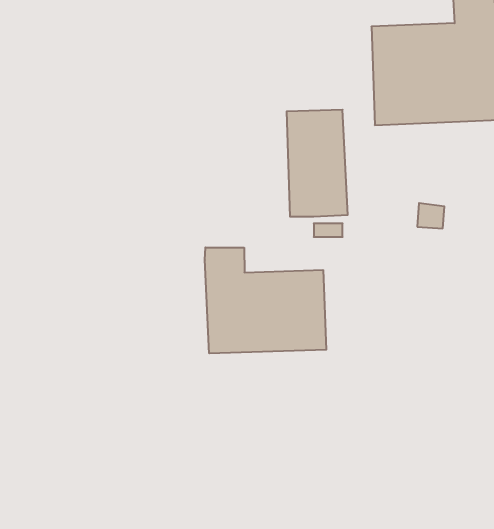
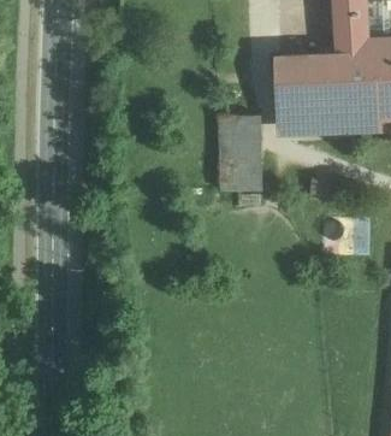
building: [205,247,326,353] -> none

